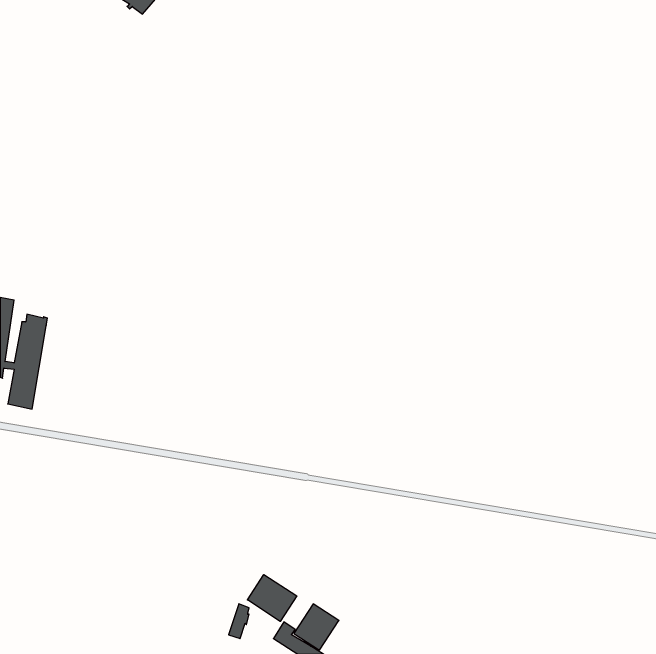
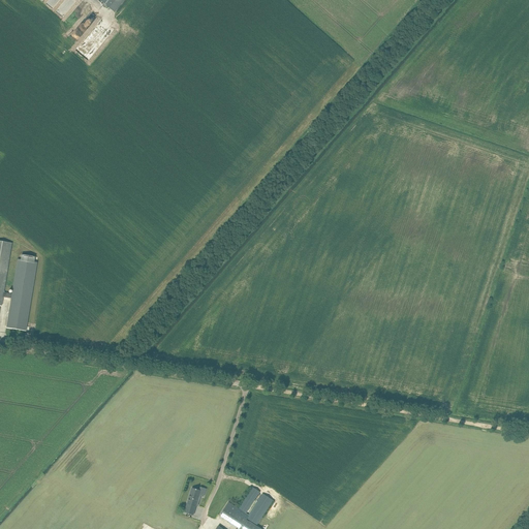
building: [247,575,297,621] -> none

